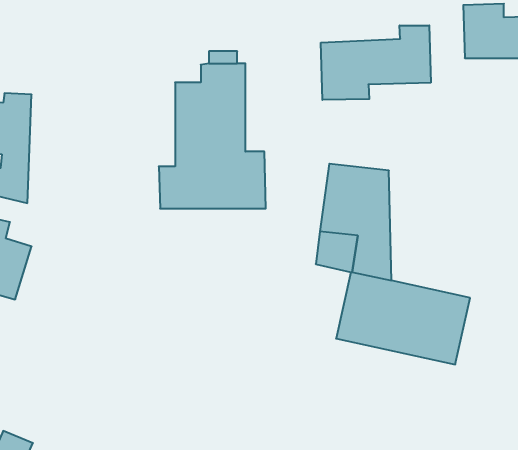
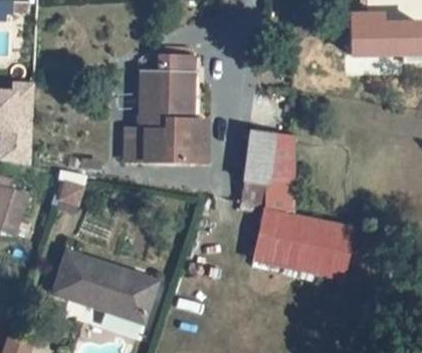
building: [321,25,431,100] -> none
building: none -> [55,169,82,209]
building: none -> [57,259,161,328]

